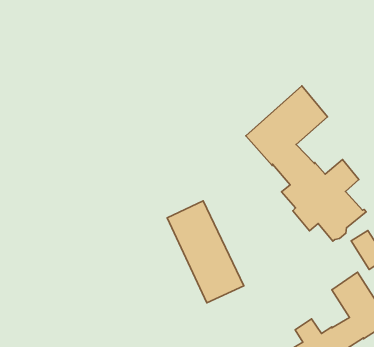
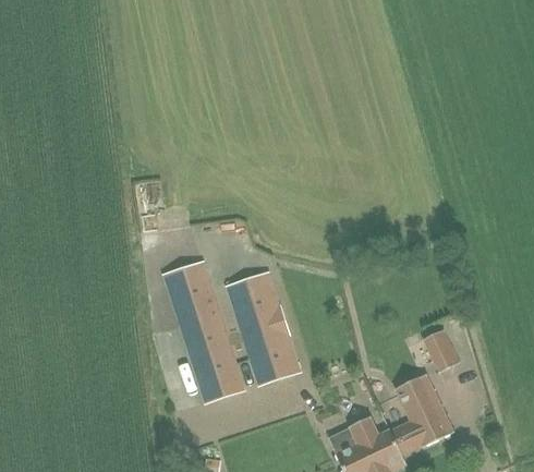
building: [246,86,366,241] -> none
building: none -> [163,263,243,401]

